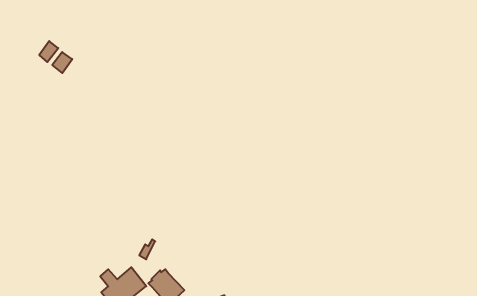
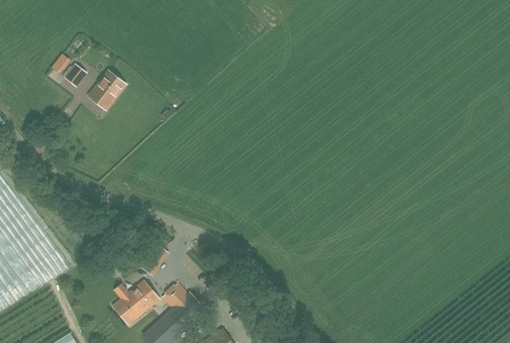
building: none -> [89,72,126,110]

